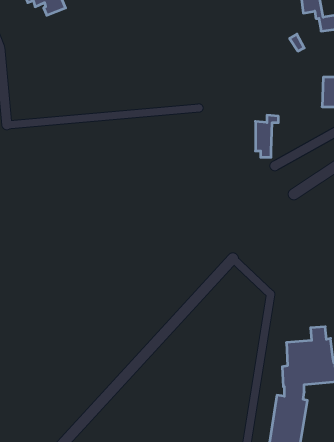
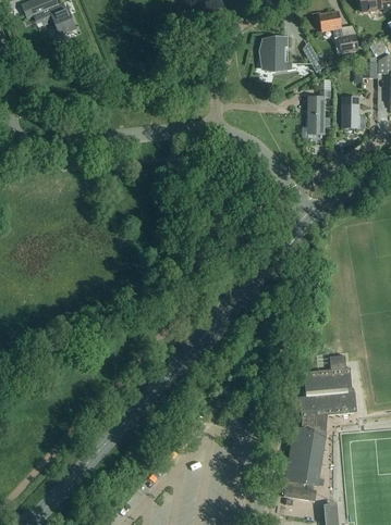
building: none -> [262,38,292,70]
building: [255,115,278,157] -> [307,89,331,133]

